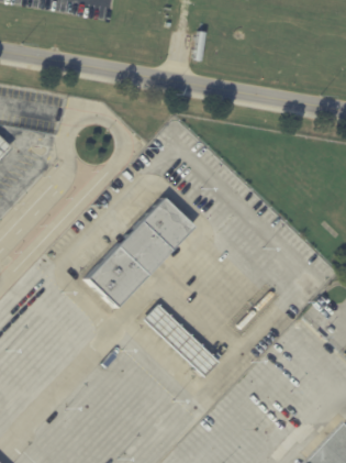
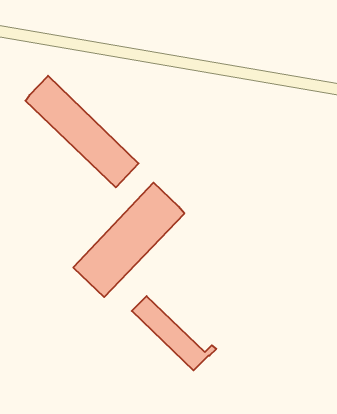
building: none -> [25,76,139,187]

